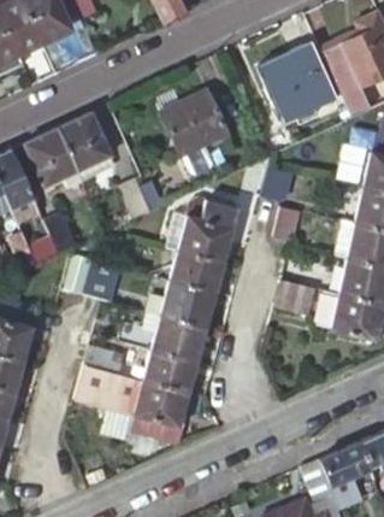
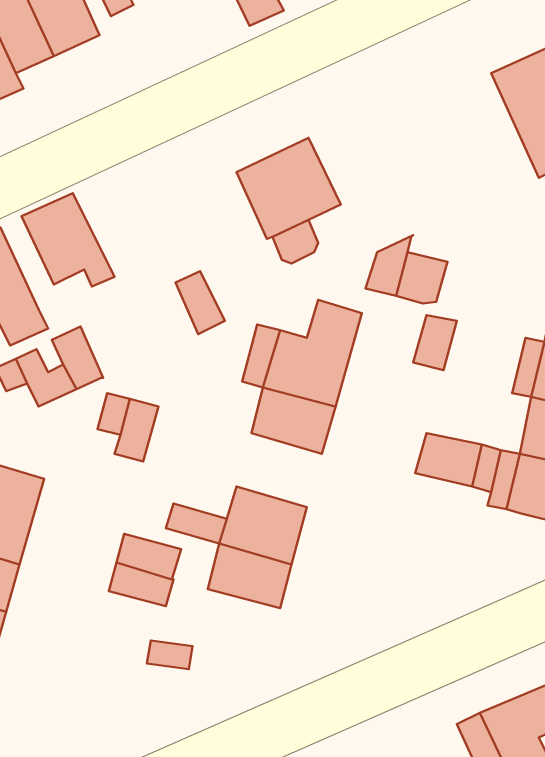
building: [259,45,337,124] -> none
building: [58,113,117,182] -> none
building: [161,281,215,328] -> none
building: [134,380,189,427] -> none

